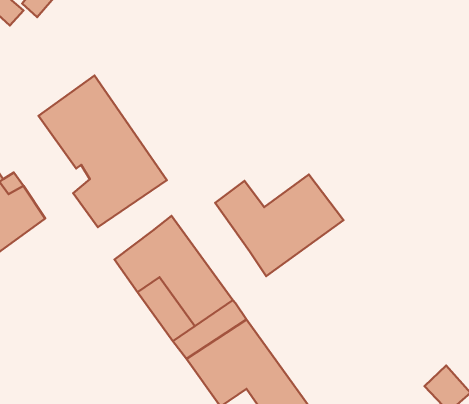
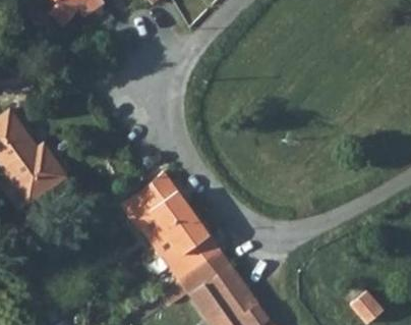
building: [38,75,167,227] -> none
building: [215,175,343,276] -> none

